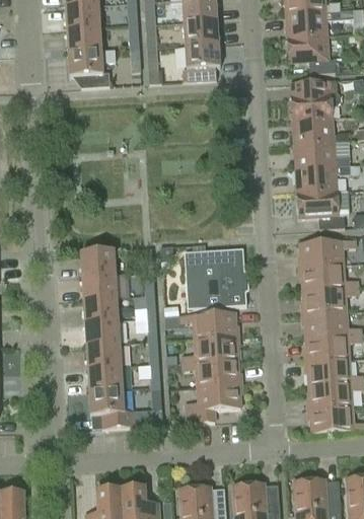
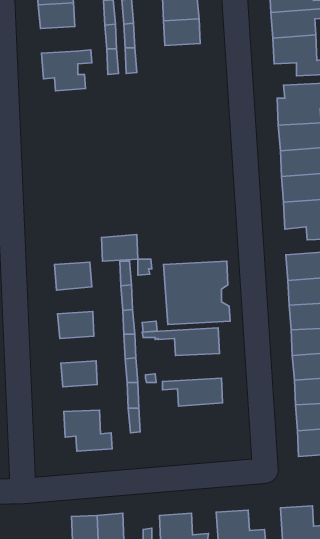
building: [67,26,101,52] -> none
building: [185,43,220,81] -> none
building: [82,273,117,298] -> [101,234,138,261]
building: [85,319,120,345] -> none
building: [183,336,238,362] -> none
building: [88,365,123,390] -> none
building: [185,382,241,423] -> none

